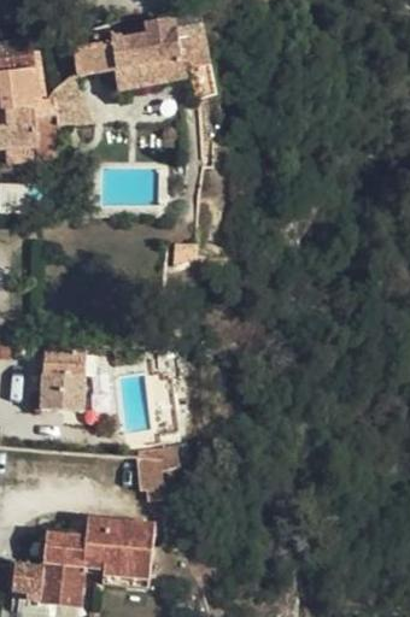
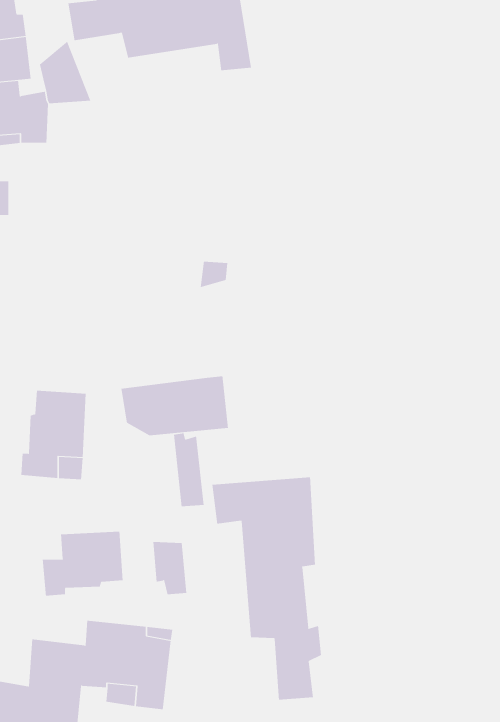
building: none -> [121,376,228,436]
building: none -> [212,477,321,700]
building: none -> [42,531,123,596]

